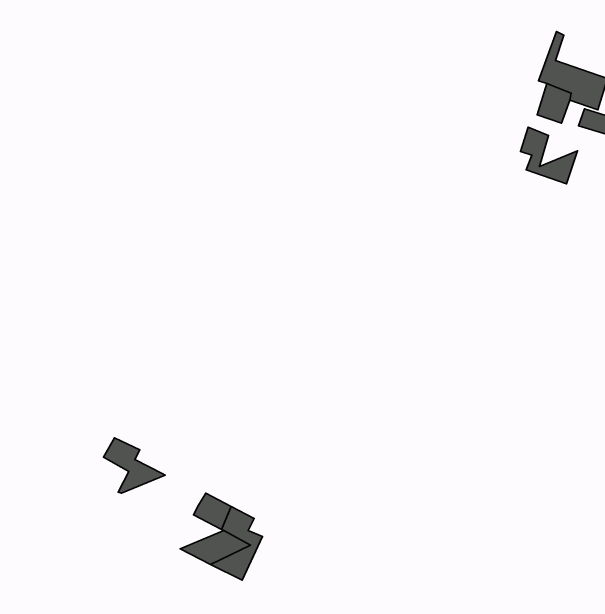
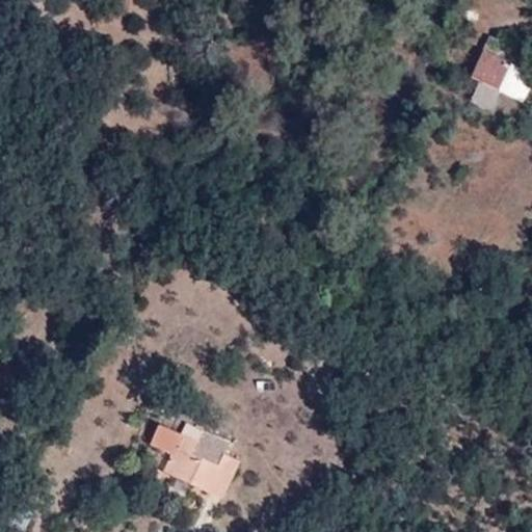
building: [521,127,577,184] -> none
building: [103,438,165,493] -> [151,424,204,472]

